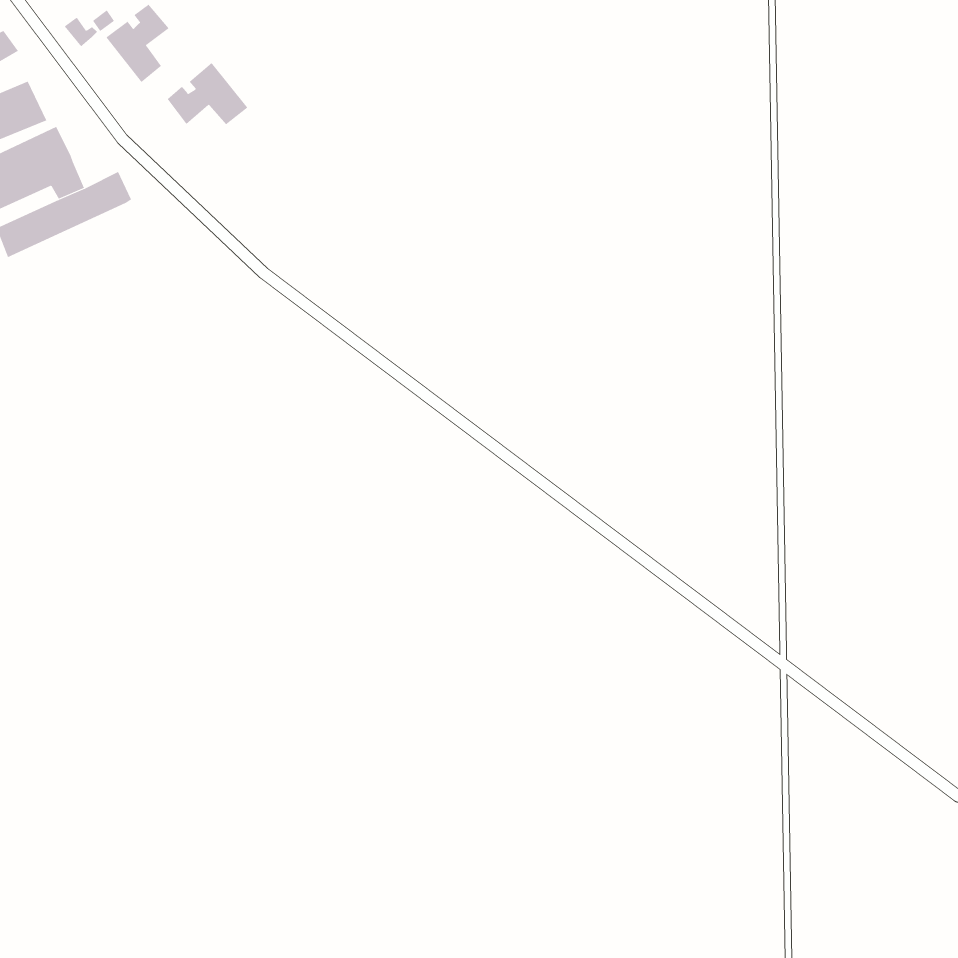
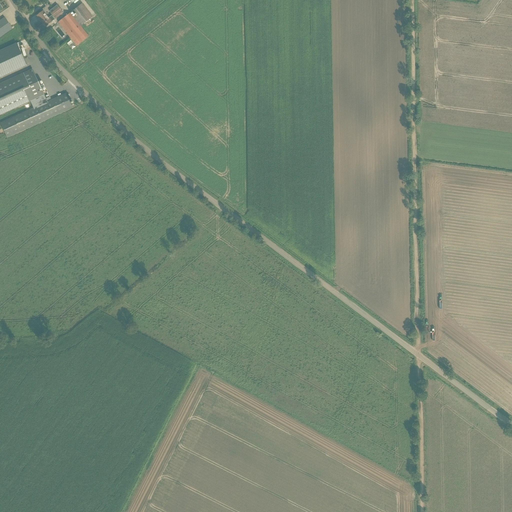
building: [167,62,248,125] -> none

